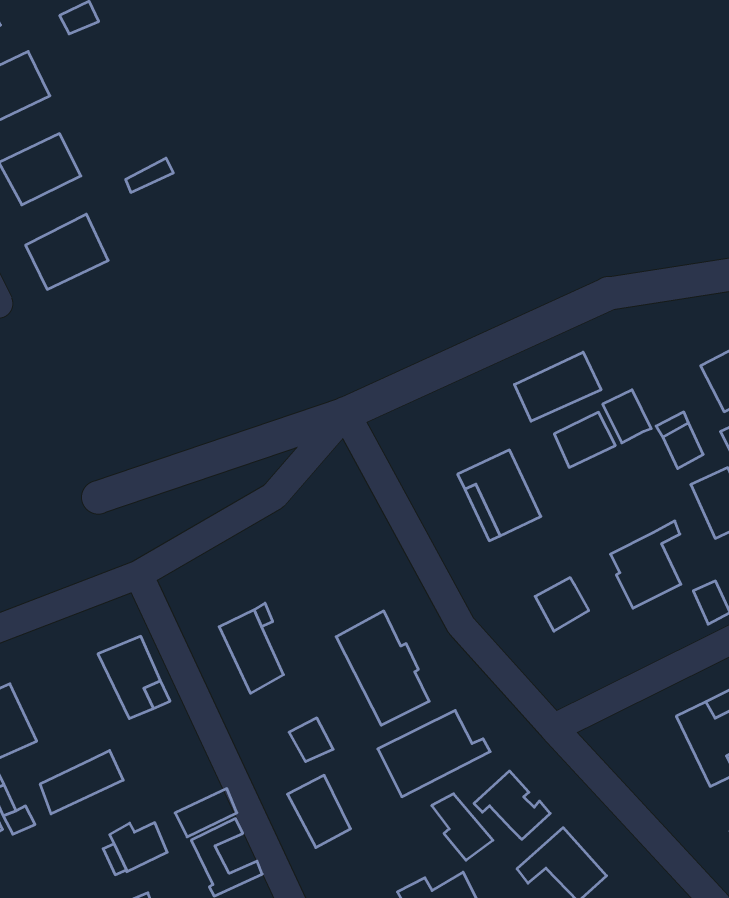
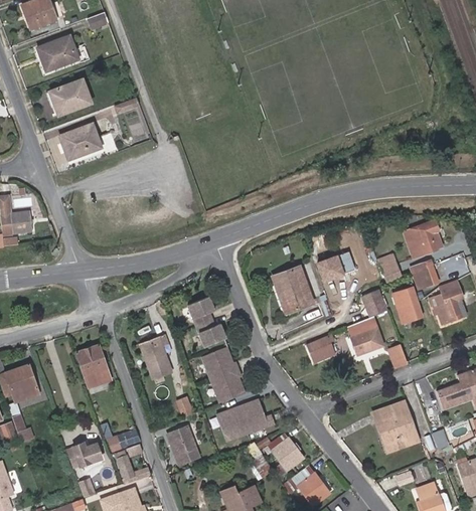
building: [514,352,601,421] -> none
building: [603,390,651,443] -> [362,290,386,317]
building: none -> [188,297,225,346]
building: [40,750,123,814] -> none

